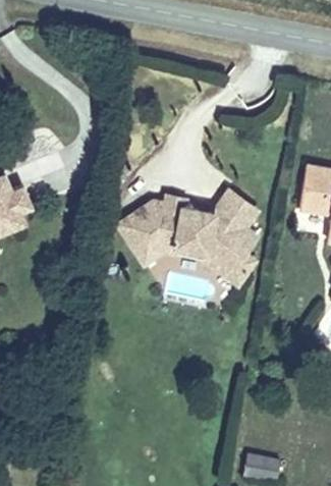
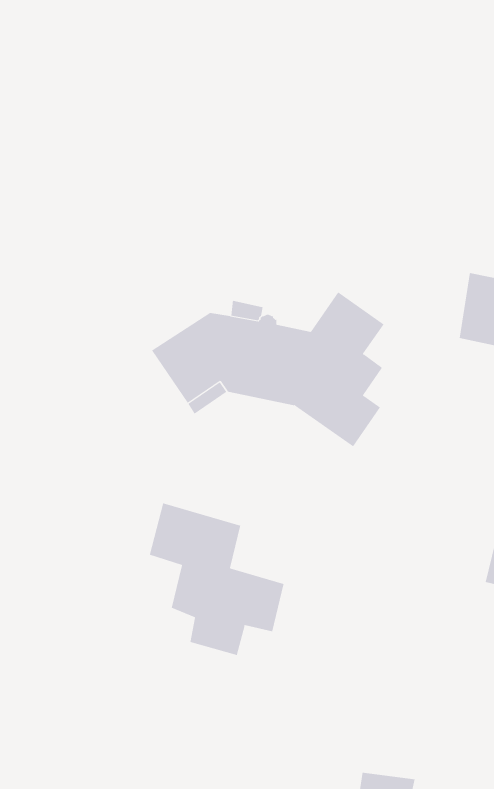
building: none -> [149,502,284,656]

